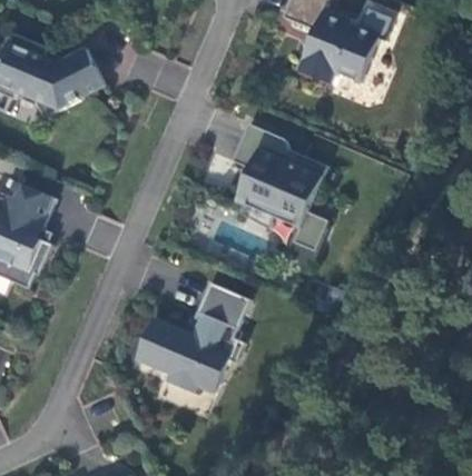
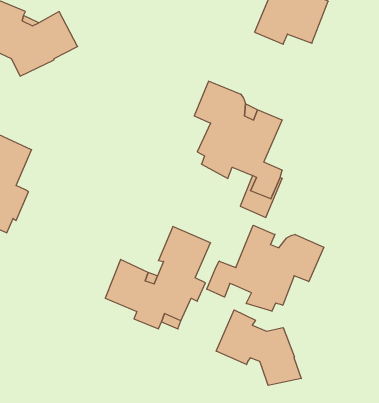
building: none -> [207,225,324,311]
building: none -> [216,310,301,385]

